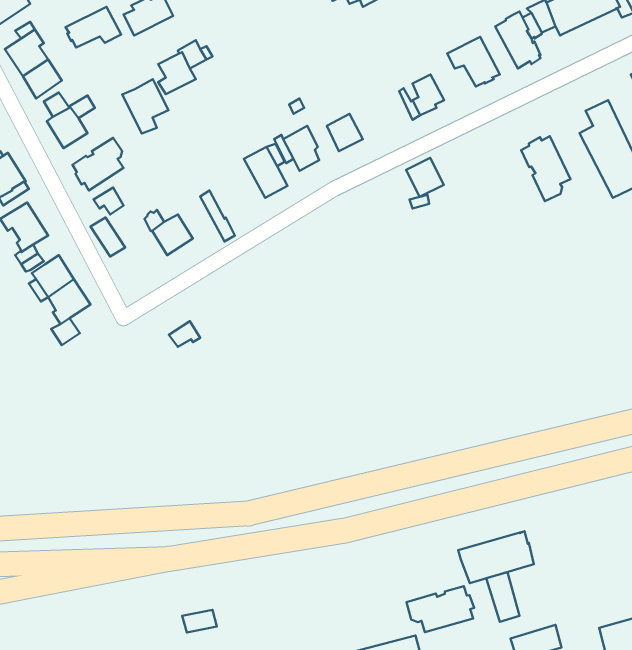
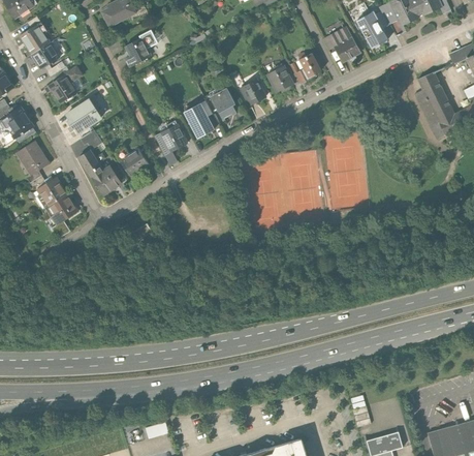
building: [65,7,121,47] -> none
building: [122,79,169,133] -> none
building: [521,136,570,201] -> none
building: [406,158,444,197] -> [266,65,292,92]
building: none -> [158,121,186,152]
building: none -> [91,166,121,195]
building: [458,531,534,583] -> none
building: [406,586,474,632] -> none

